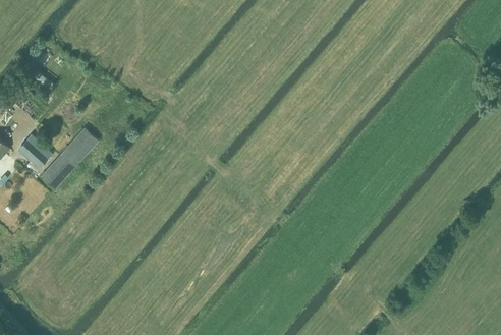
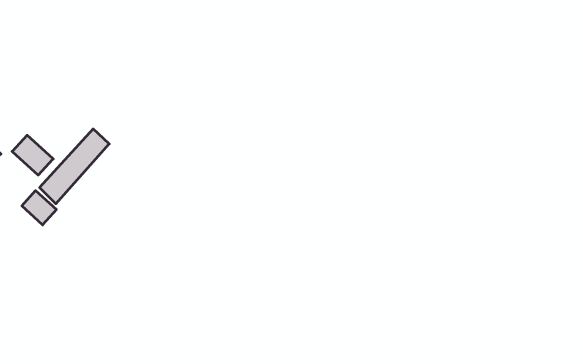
building: none -> [22,191,56,225]

